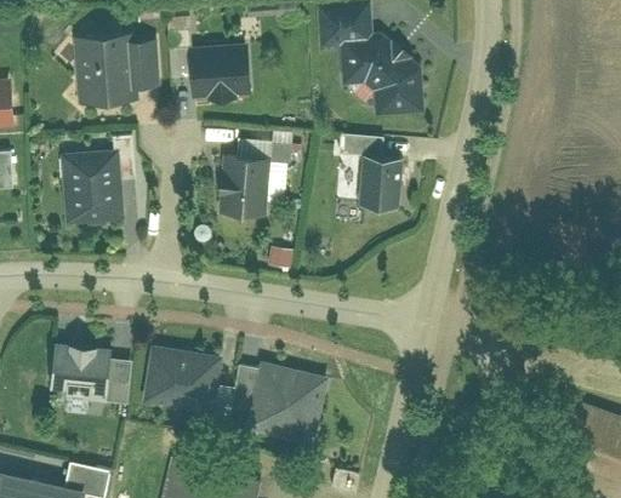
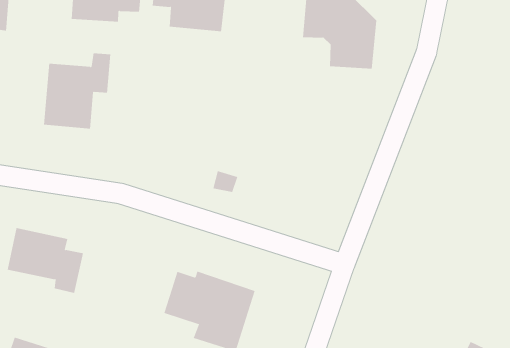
building: [217,133,304,221] -> none
building: [337,136,400,213] -> none
building: [143,349,233,416] -> none

